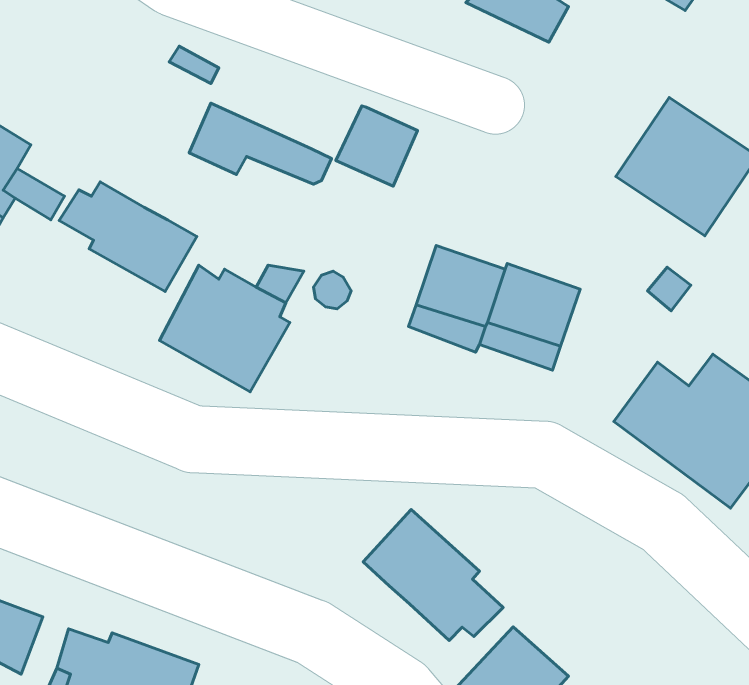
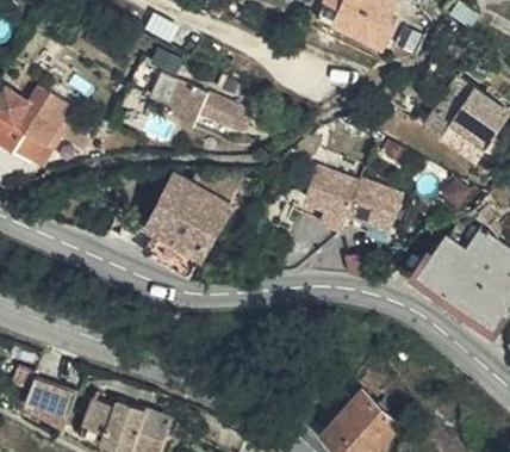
building: [336,106,418,186] -> none
building: [59,182,197,291] -> none
building: [363,510,503,641] -> none

